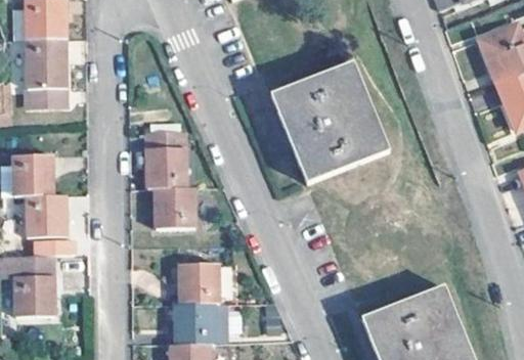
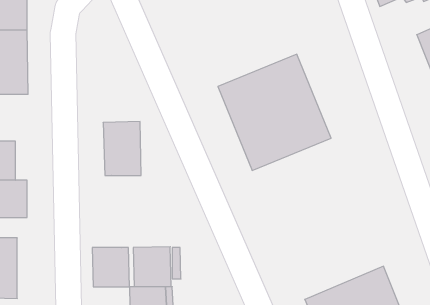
building: [157,188,195,229] -> [92,248,129,287]

